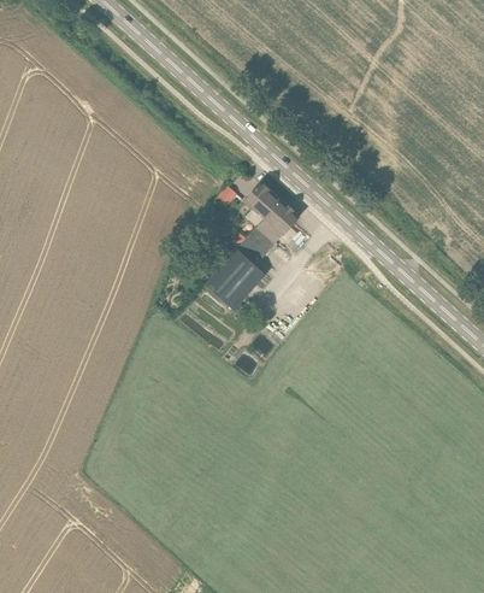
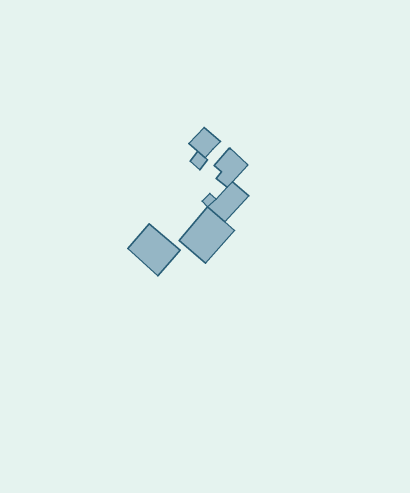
building: [264,201,299,235] -> [189,127,220,158]
building: none -> [128,224,180,276]

